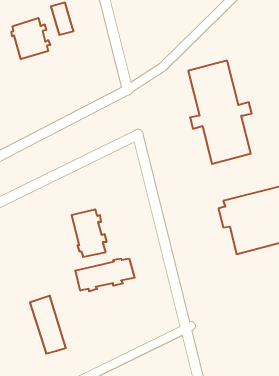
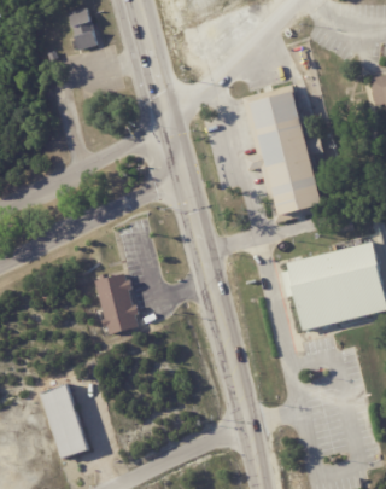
building: [11,18,50,59] -> none
building: [75,259,135,291] -> none

